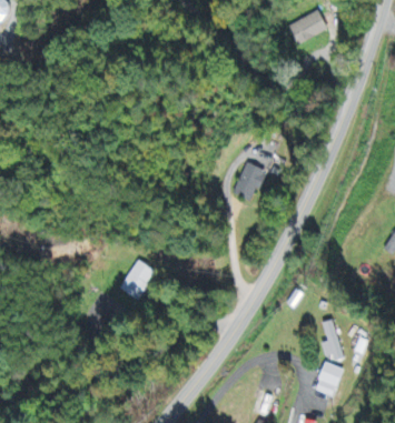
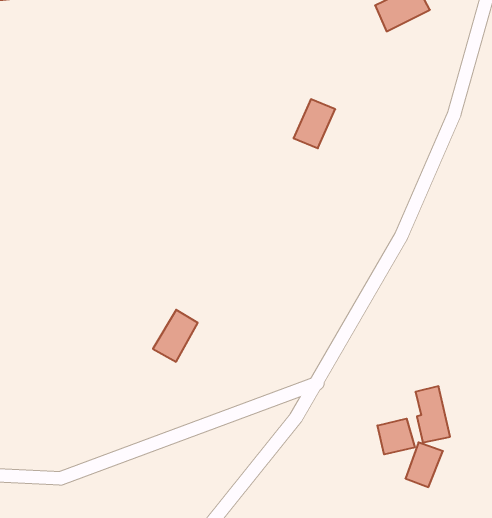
building: [234,162,266,200] -> [293,99,335,148]
building: none -> [377,419,415,454]

